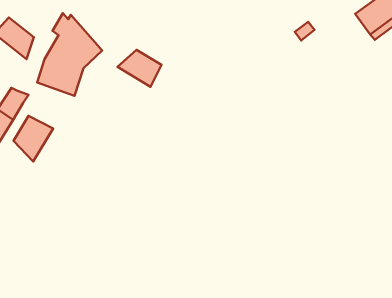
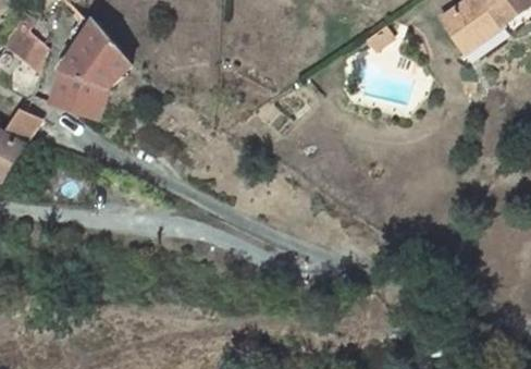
building: [117,50,162,87] -> none
building: [14,116,53,161] -> none

